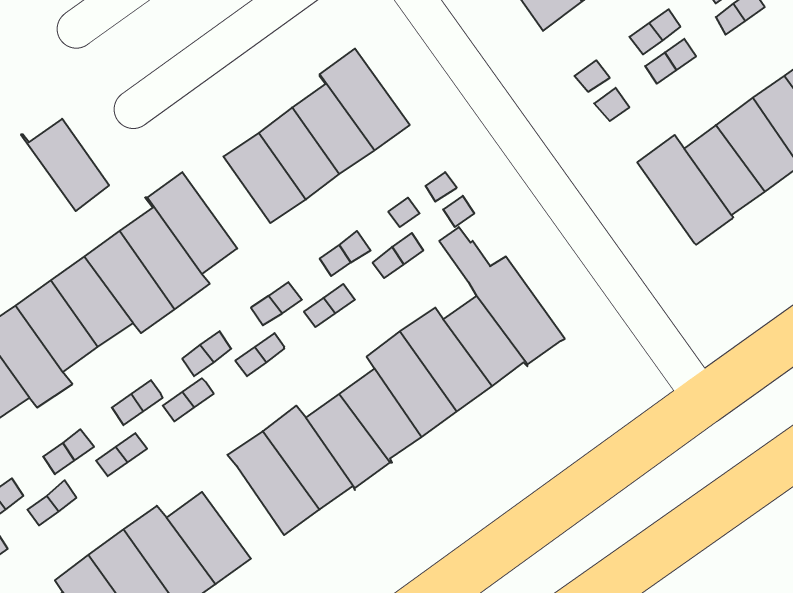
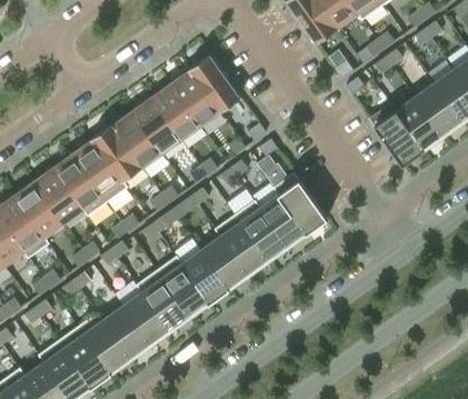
building: [21,119,109,211] -> [111,114,161,167]
building: none -> [122,290,169,342]

